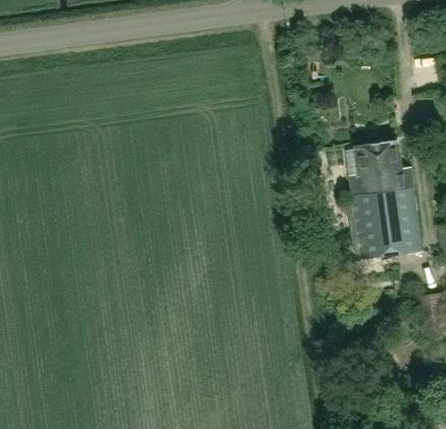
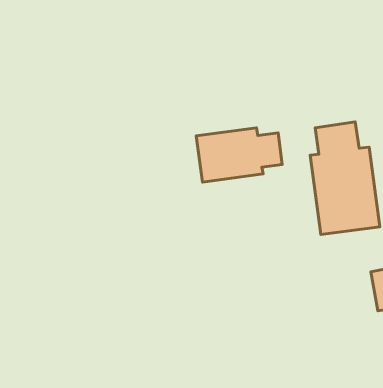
building: none -> [196,128,282,182]

